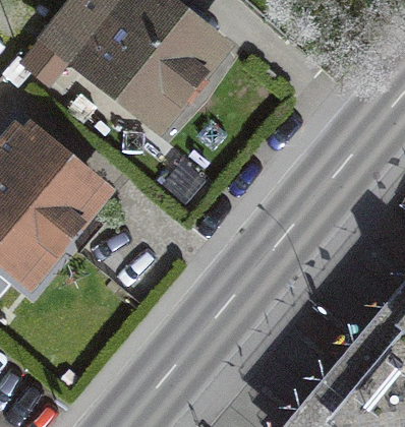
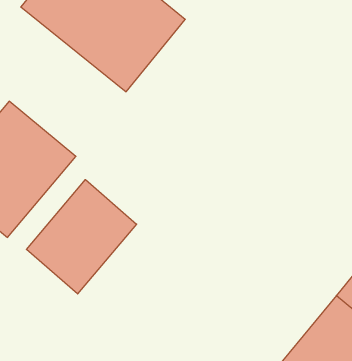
building: none -> [26,180,137,294]

